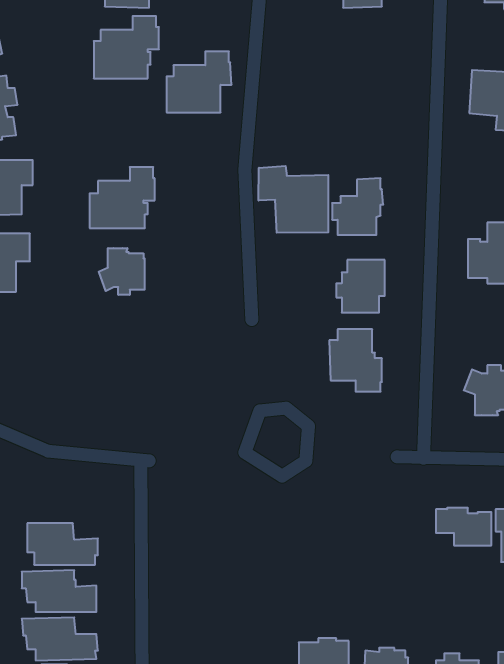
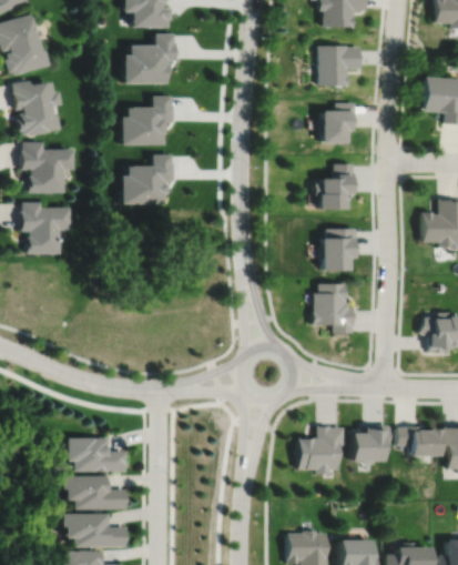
building: none -> [317,46,360,84]
building: [167,51,232,112] -> [121,95,173,144]
building: none -> [318,103,356,142]
building: [259,166,328,233] -> none
building: [99,248,145,295] -> none
building: none -> [295,426,345,475]
building: none -> [352,426,390,465]

